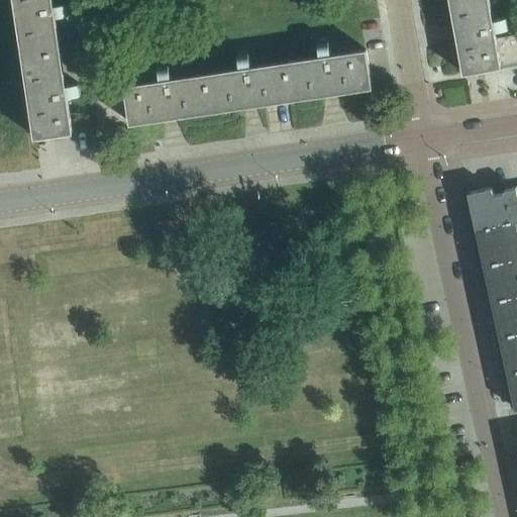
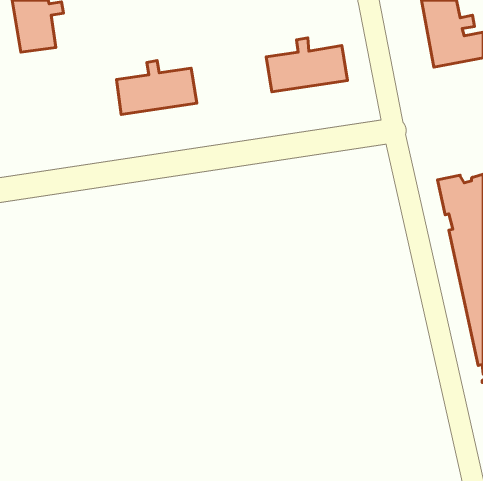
building: [22,54,80,139] -> none
building: [204,56,290,113] -> none

